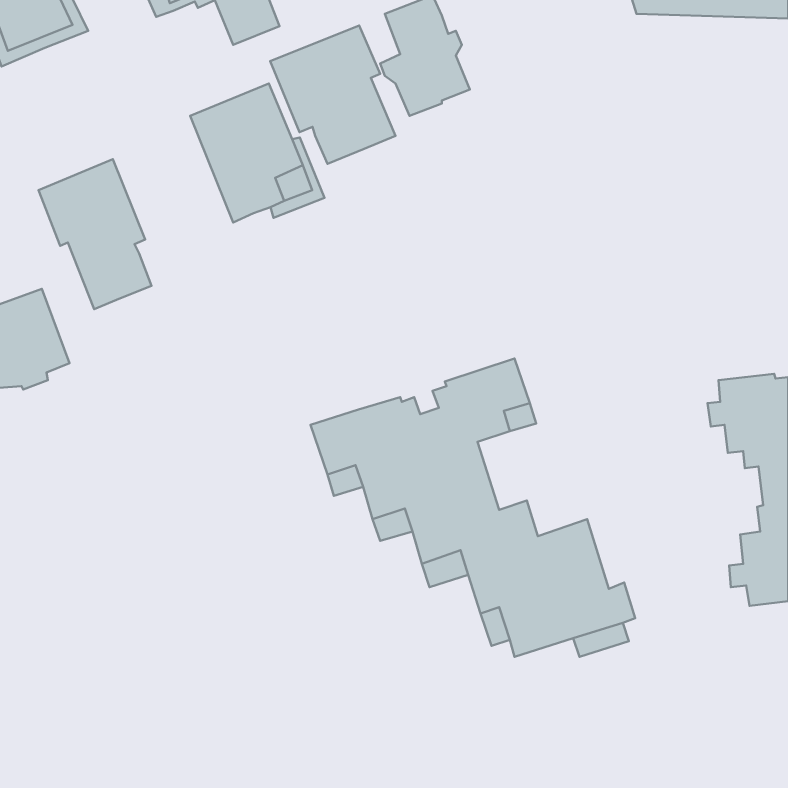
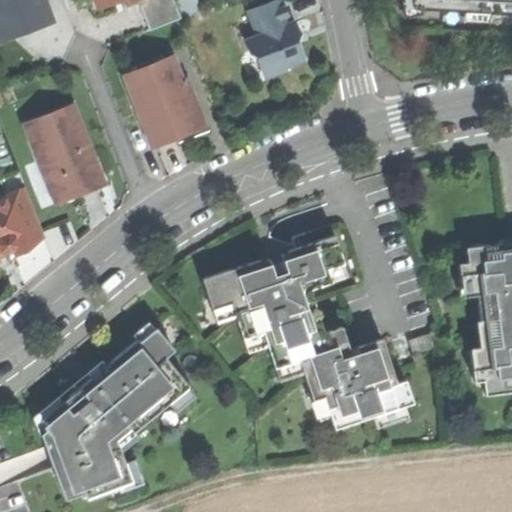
building: [270,25,396,164] -> none
building: none -> [41,327,188,499]

